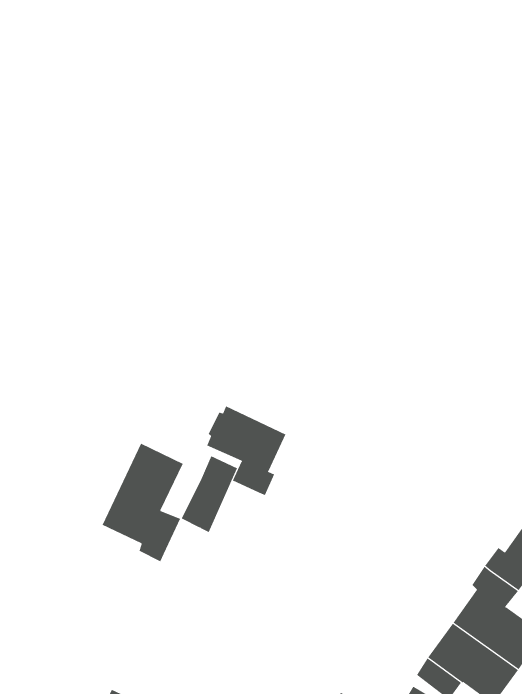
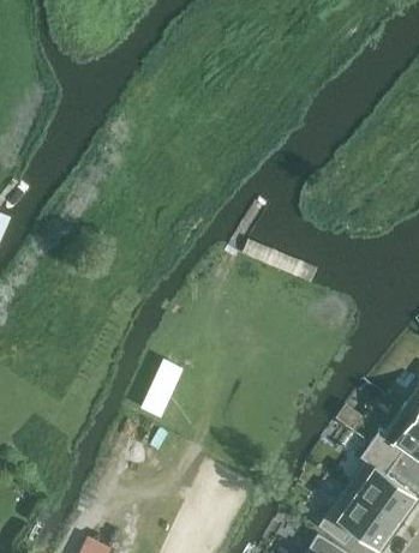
building: [206,405,286,496] -> none
building: [102,443,183,562] -> none

